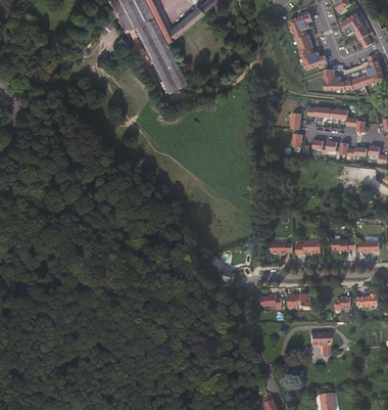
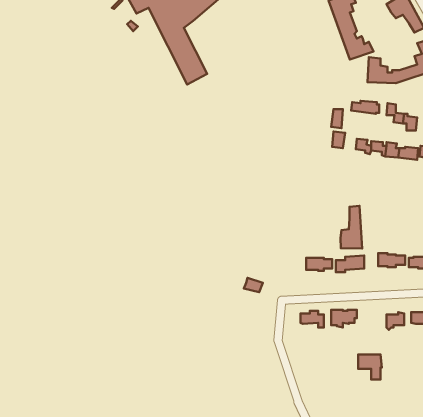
building: none -> [341,206,362,248]

